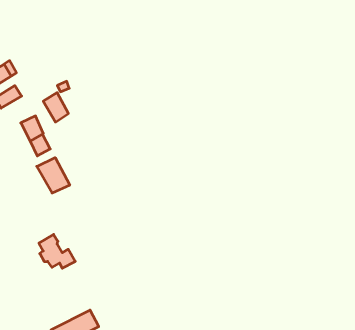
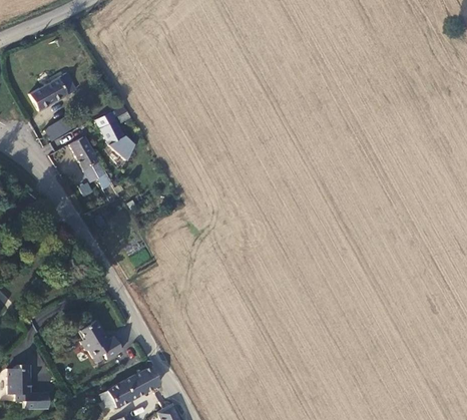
building: [37,158,70,193] -> none
building: [39,234,75,268] -> [82,321,124,360]

